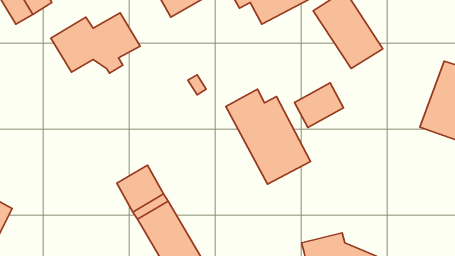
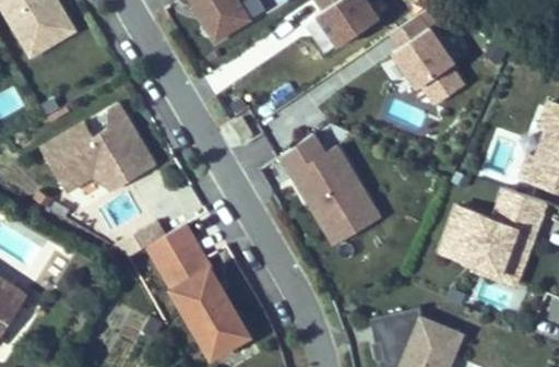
building: [51,13,140,73] -> [44,117,152,190]
building: [294,83,343,128] -> none
building: none -> [436,187,550,285]

